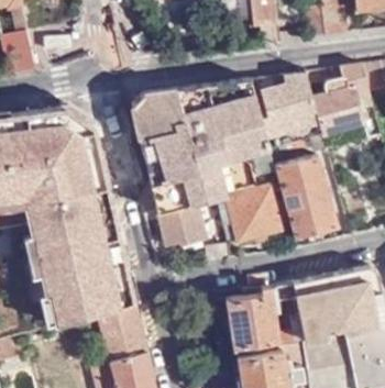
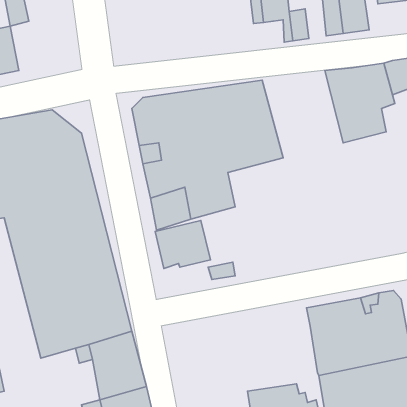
building: [252,71,324,149] -> none
building: [275,157,338,240] -> none
building: [226,187,284,245] -> none
building: [227,284,295,352] -> none

